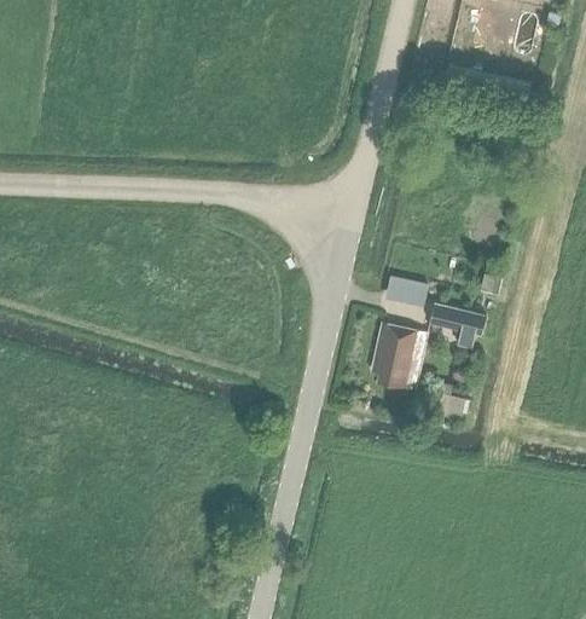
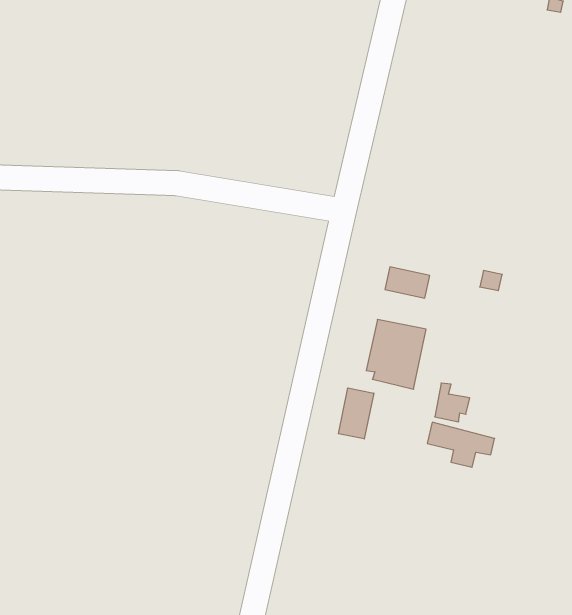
building: [427,303,492,347] -> [427,422,495,467]
building: none -> [338,388,374,439]

